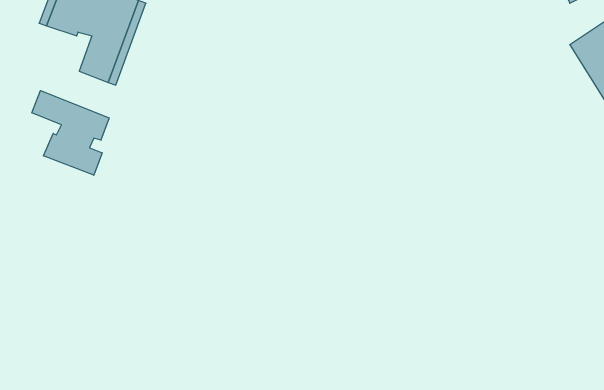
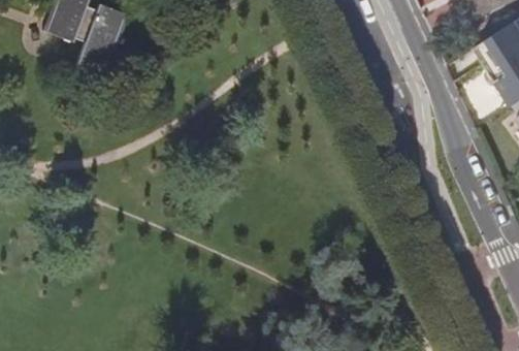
building: [32,91,109,175] -> none

